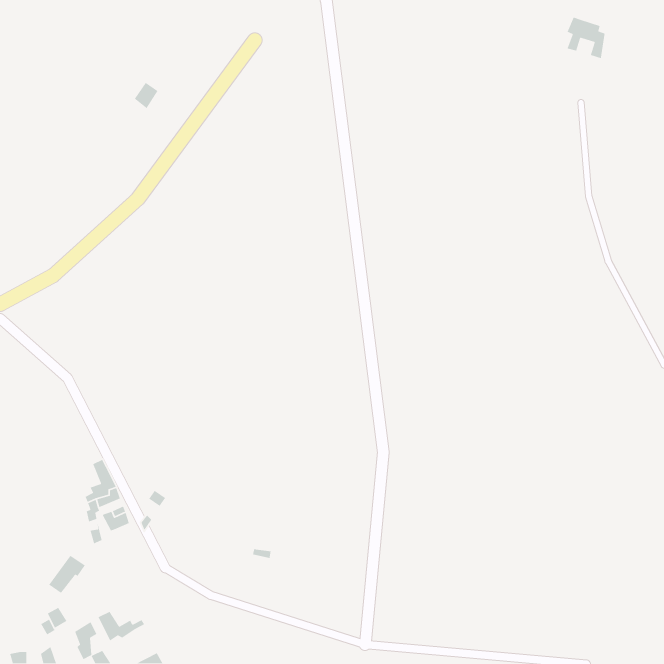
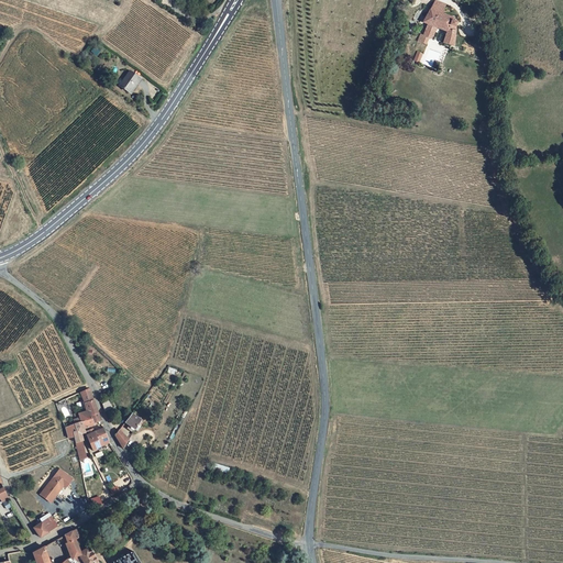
building: [567,16,606,59] -> [424,4,457,41]
building: [98,611,145,641] -> none

